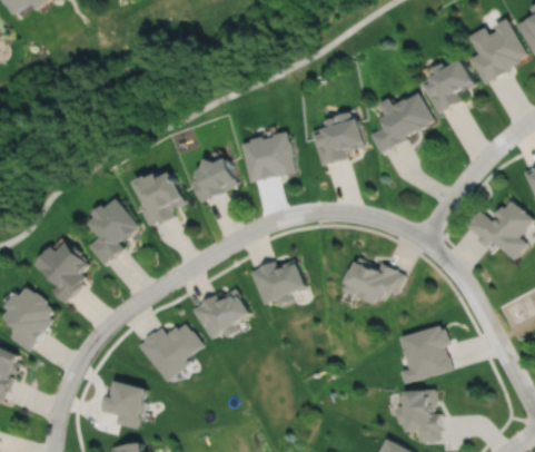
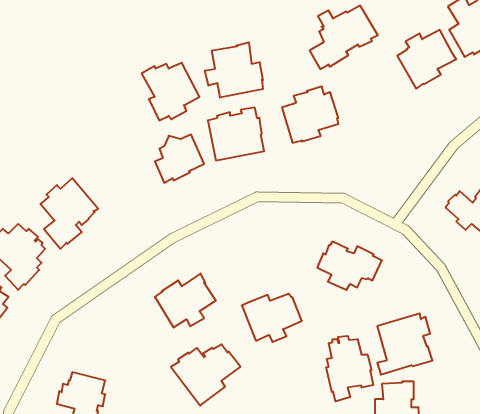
building: none -> [205,42,263,98]
building: [369,91,434,151] -> [310,6,378,69]
building: [131,170,186,225] -> [142,63,199,120]
building: [249,259,306,305] -> [242,294,302,342]
building: [137,324,202,382] -> [171,344,240,406]
building: none -> [326,336,373,401]

